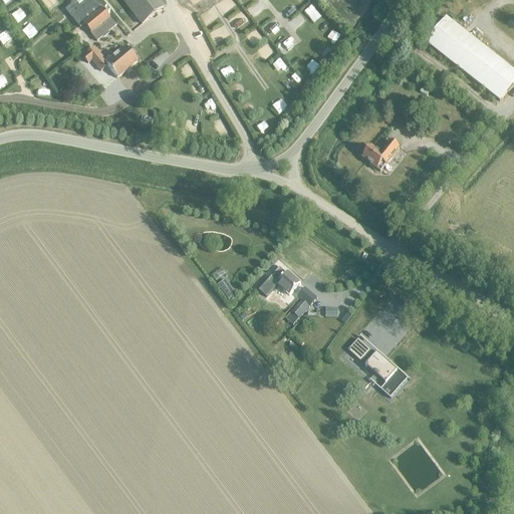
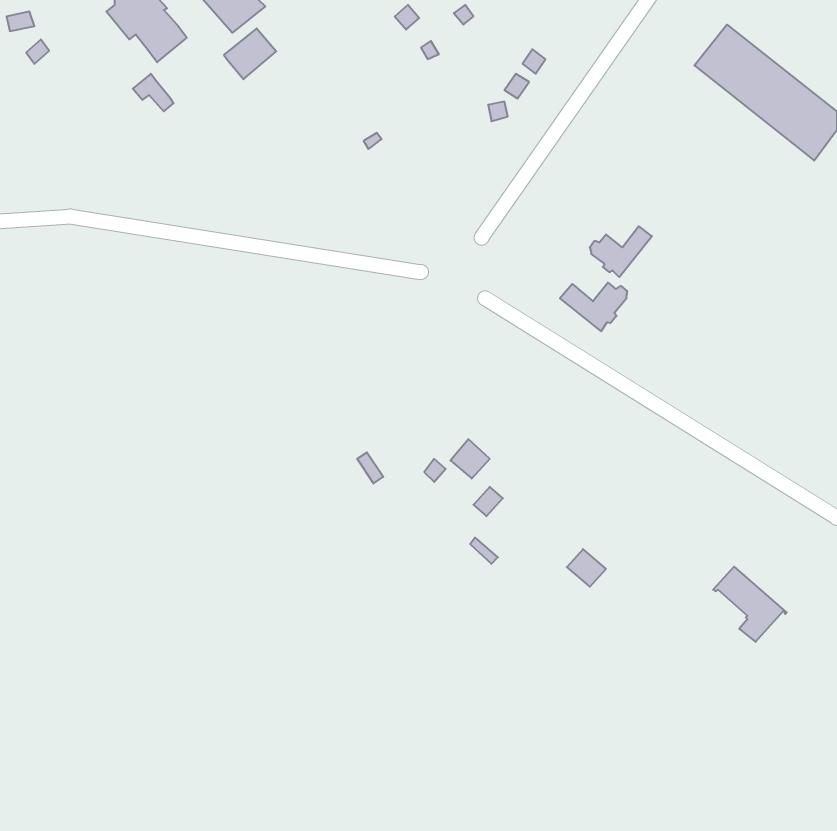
building: [104,44,137,75] -> [224,28,276,79]
building: none -> [560,283,627,331]
building: [364,349,410,396] -> [713,567,787,642]

